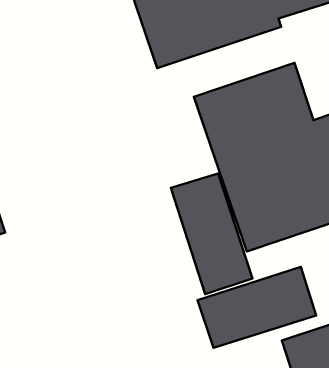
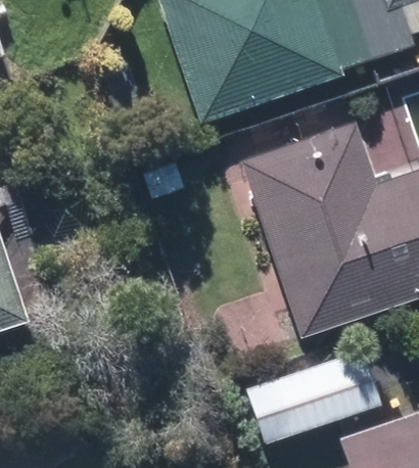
building: [171,173,253,294] -> none

